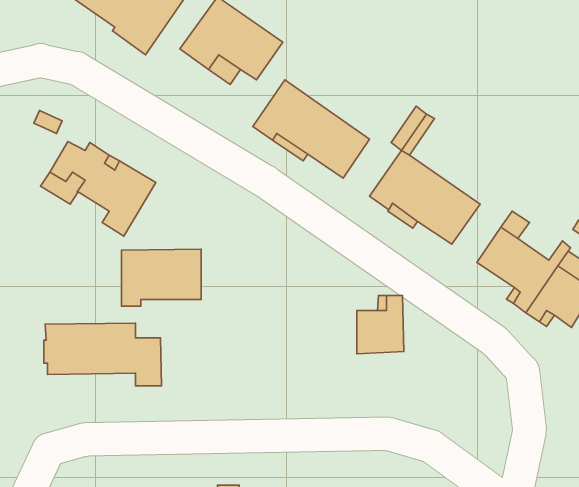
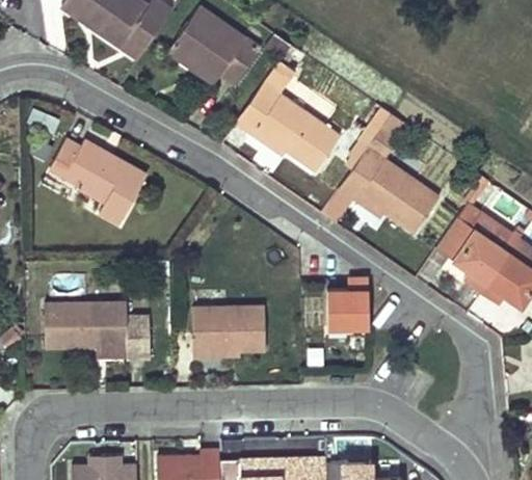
building: [121,249,201,306] -> [194,306,267,358]

